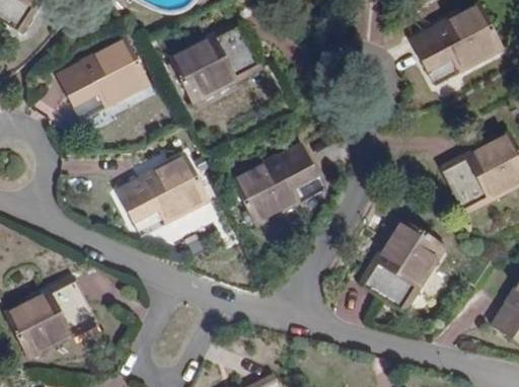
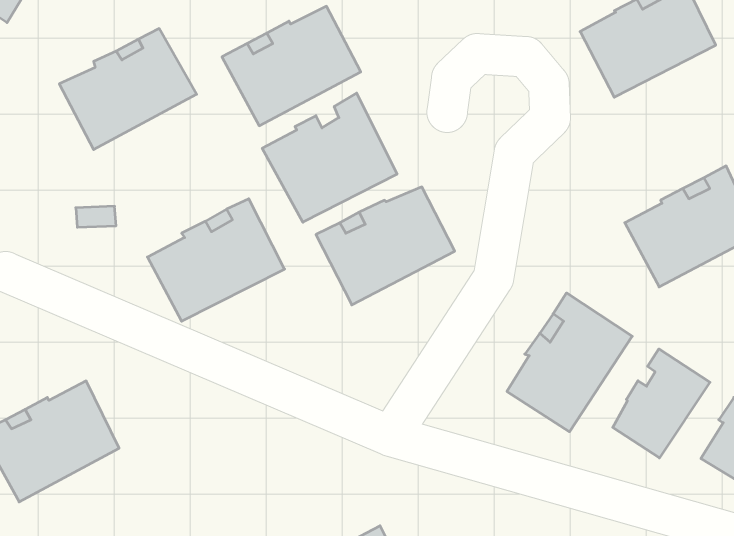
building: none -> [262,93,397,222]
building: none -> [613,349,710,458]

